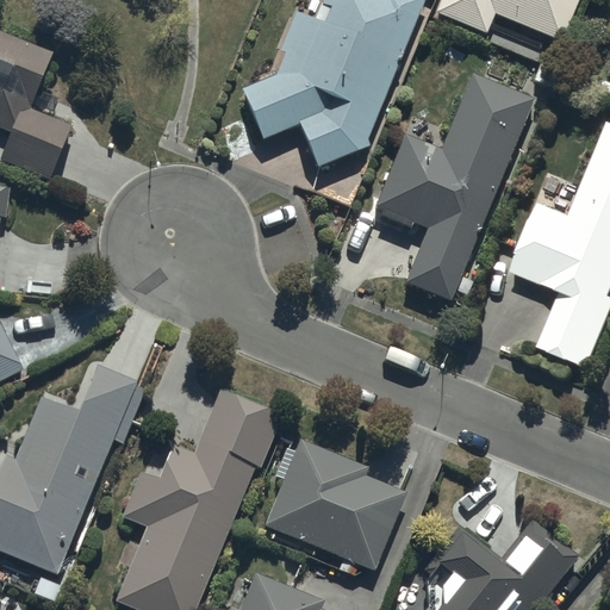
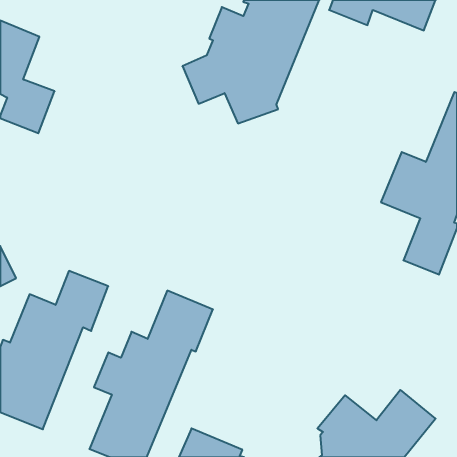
building: [376,73,534,299] -> none
building: [263,440,407,574] -> none

